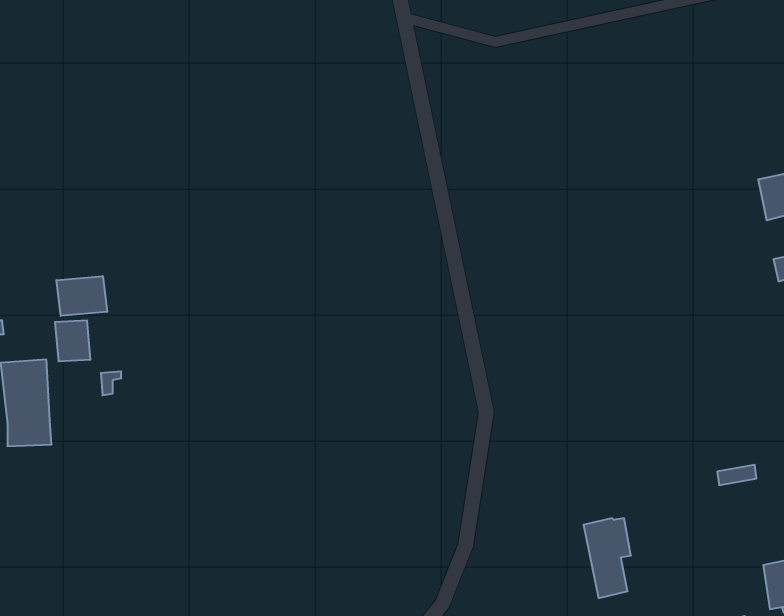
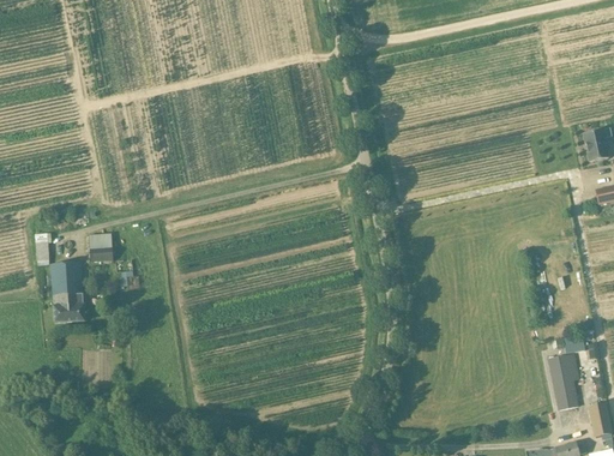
building: [56,276,107,316] -> none
building: [583,518,631,598] -> [547,354,580,410]

